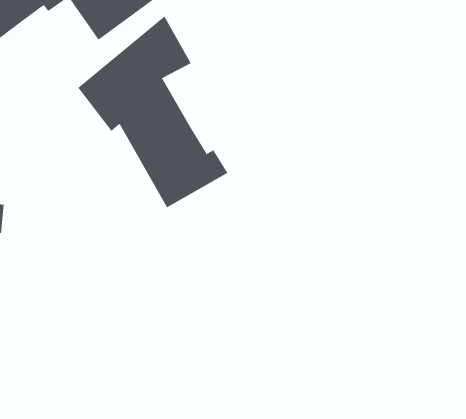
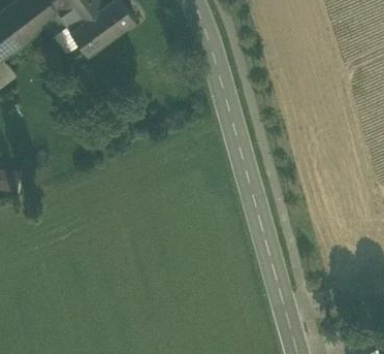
building: [78,15,228,208] -> none

